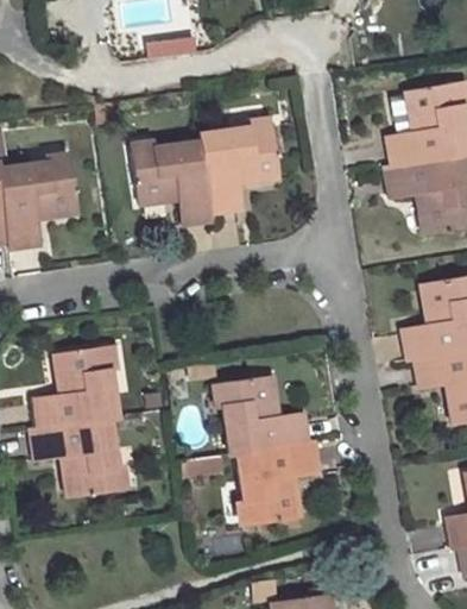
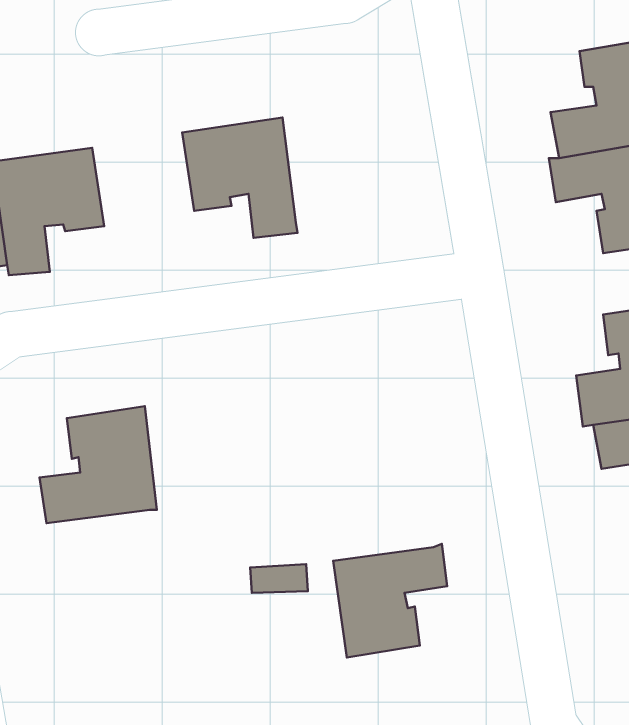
building: [202,125,278,214] -> none
building: [219,375,308,452] -> none
building: [30,415,119,492] -> none

